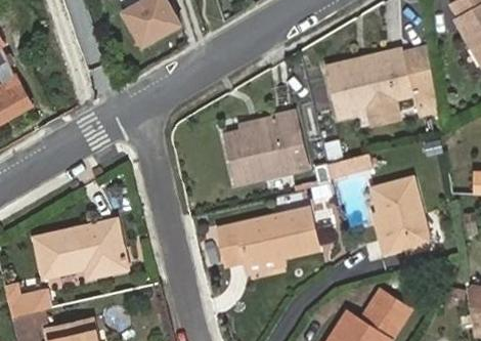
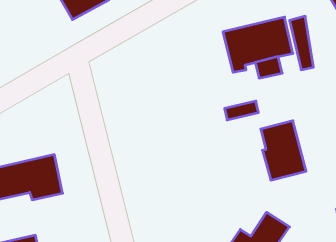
building: [223,111,307,182] -> none
building: [219,207,317,264] -> none

